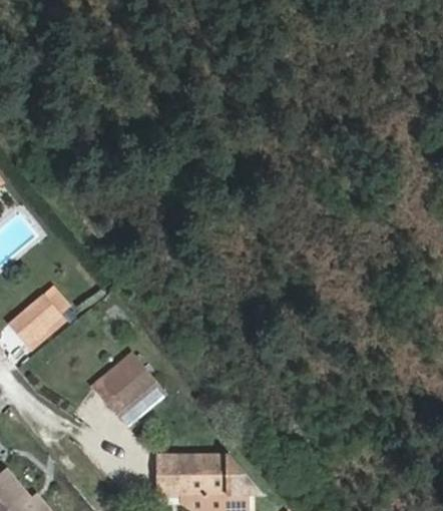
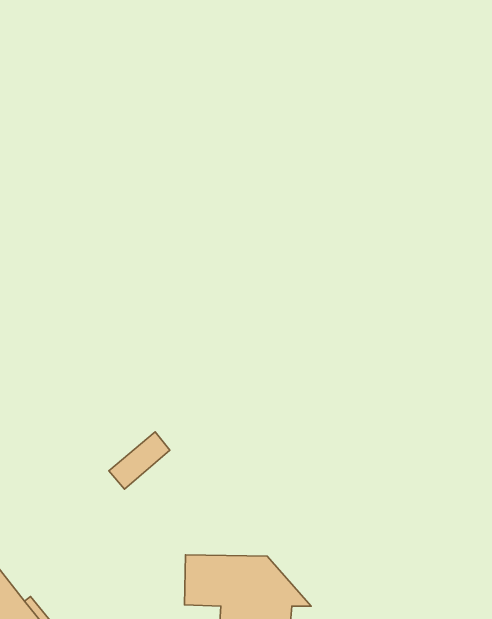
building: [13,298,63,346] -> none
building: [106,370,159,421] -> none

